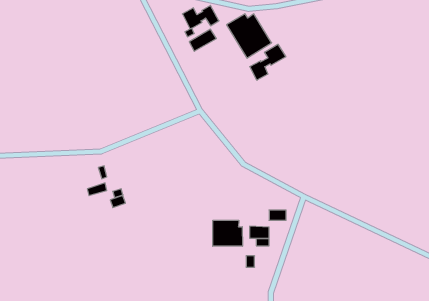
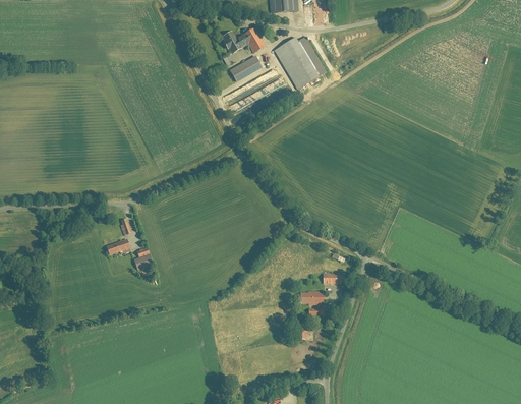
building: [250,44,286,80] -> none
building: [213,220,242,246] -> none

